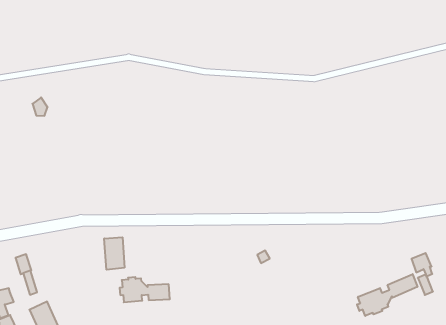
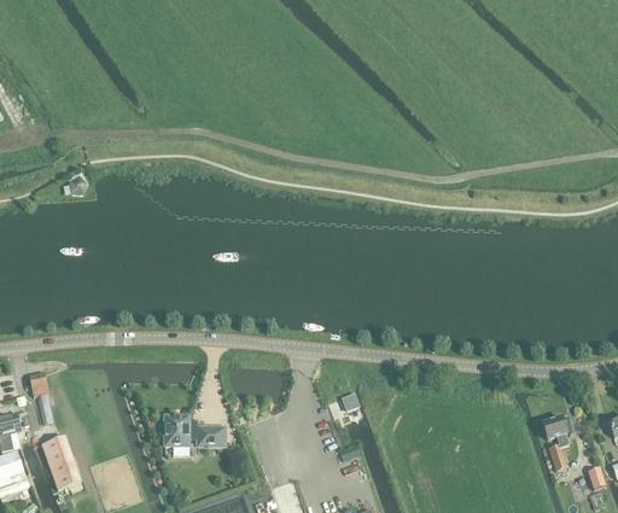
building: [104,237,124,270] -> none
building: [357,274,417,316] -> none

